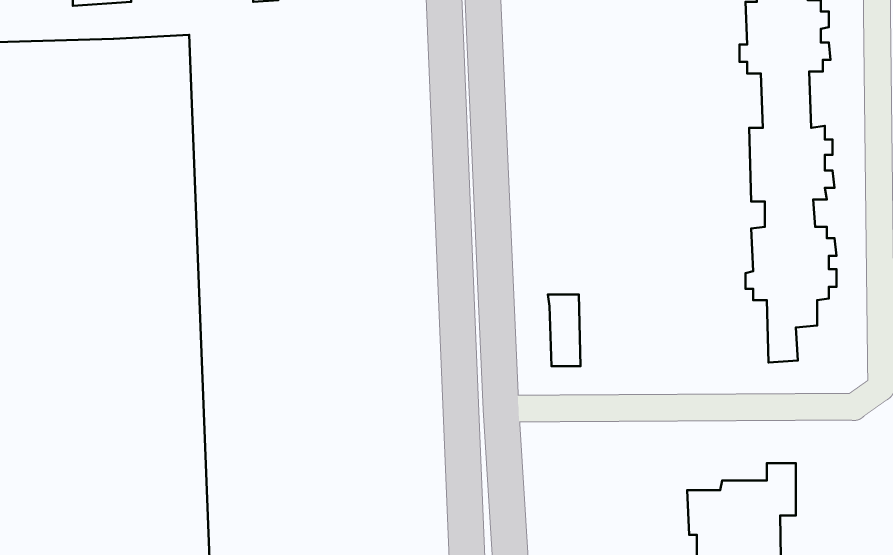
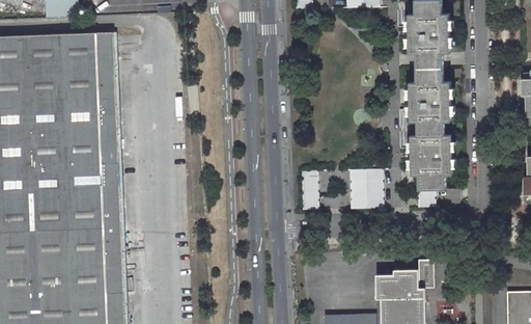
building: none -> [352,168,384,208]

